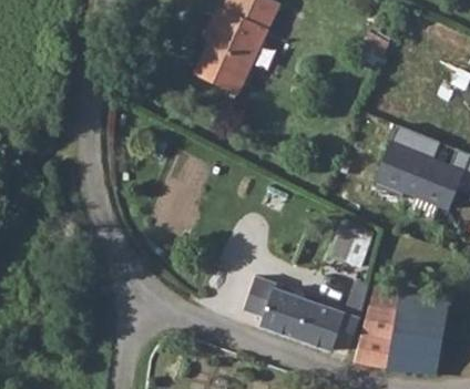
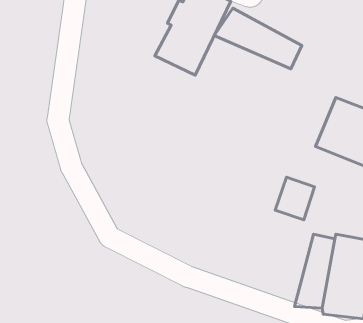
building: none -> [214,8,302,69]
building: [244,273,374,348] -> none

